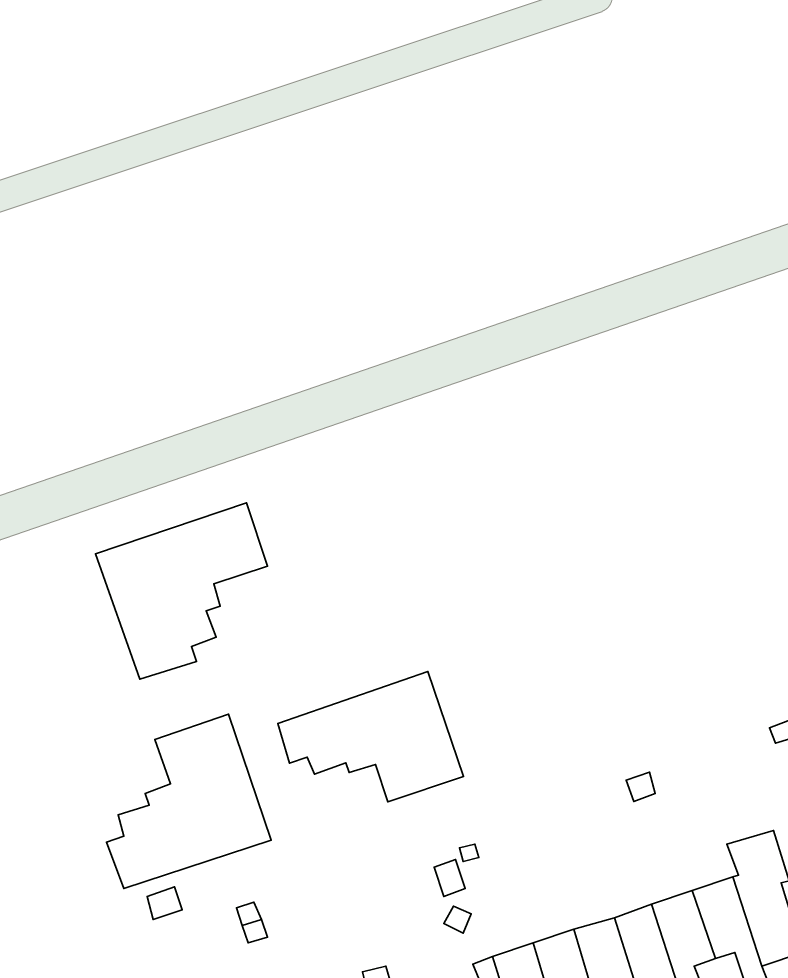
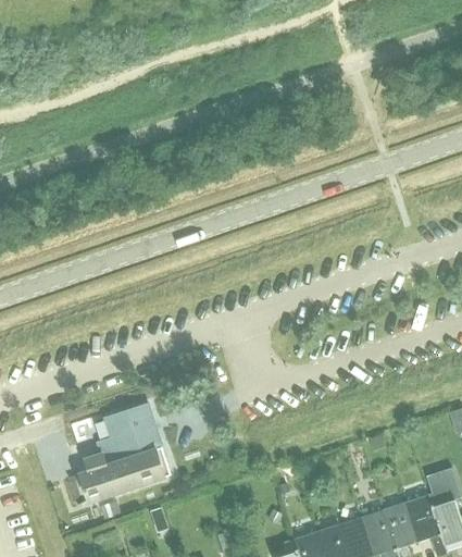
building: [96,503,268,679] -> none
building: [278,672,463,802] -> none

